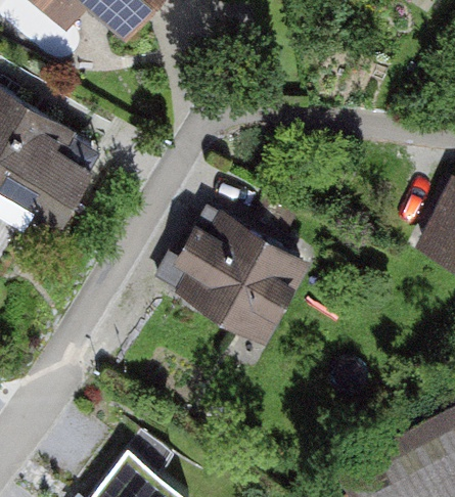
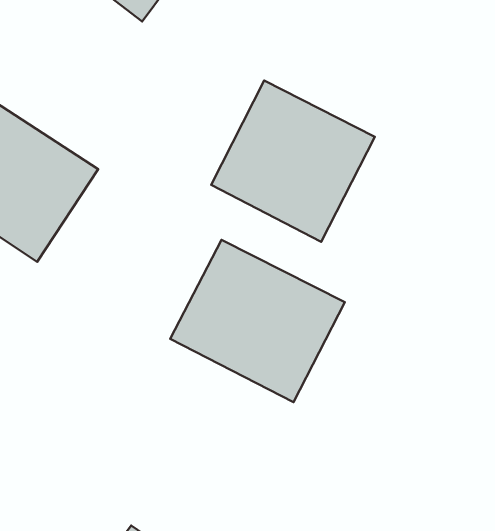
building: none -> [211,81,375,242]

